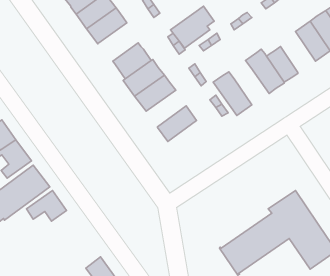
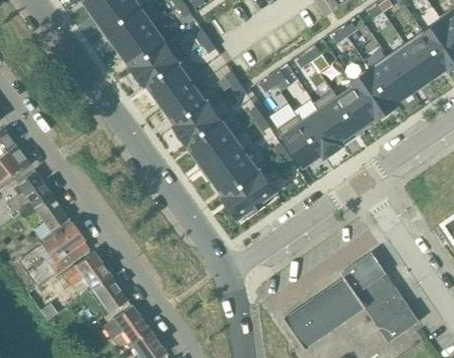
building: [170,6,214,48] -> [146,55,196,103]
building: none -> [352,69,396,118]
building: none -> [301,110,344,157]
building: none -> [200,136,246,178]
building: none -> [223,170,275,218]
building: none -> [91,275,127,311]
building: none -> [103,305,148,341]

